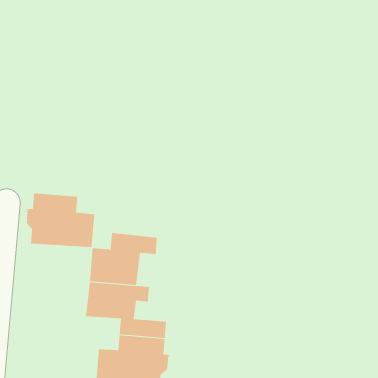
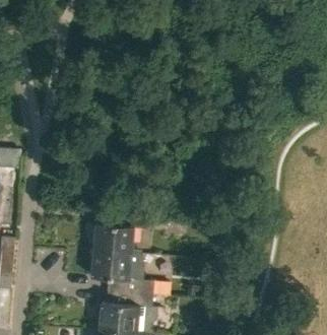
building: [26,192,95,248] -> none

